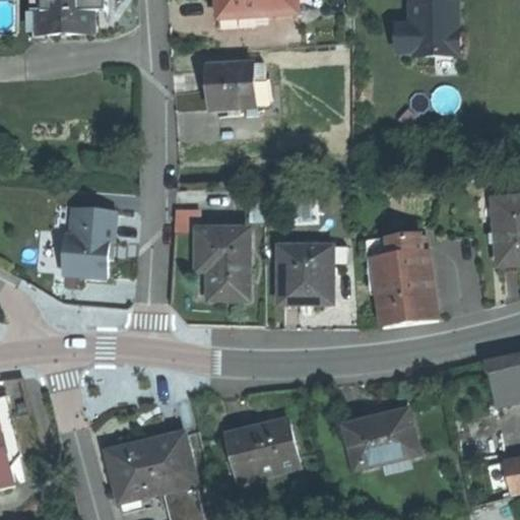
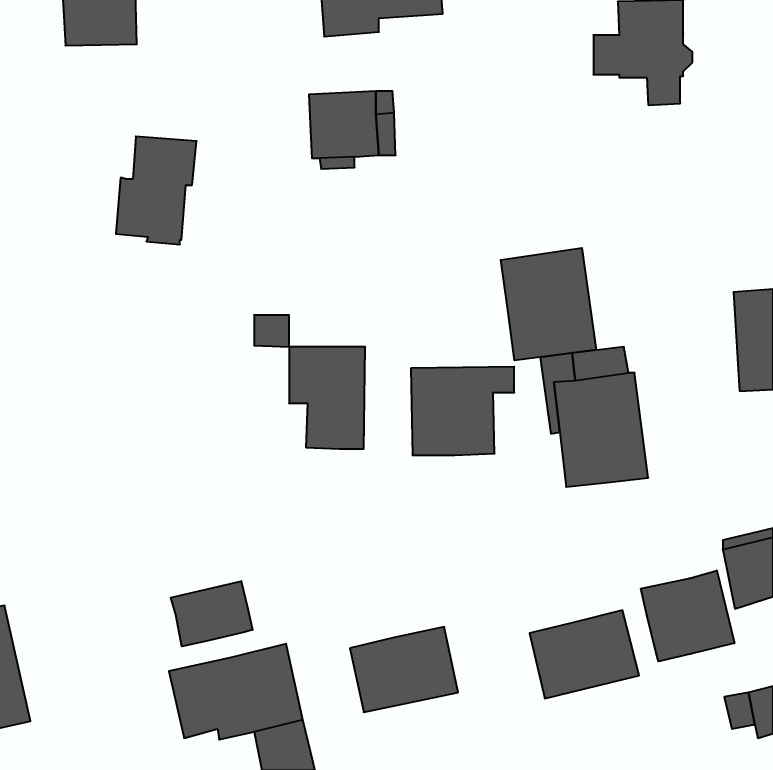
building: none -> [501,248,596,360]
building: [62,205,116,277] -> [116,136,197,244]
building: none -> [641,570,734,661]
building: none -> [171,581,253,646]

